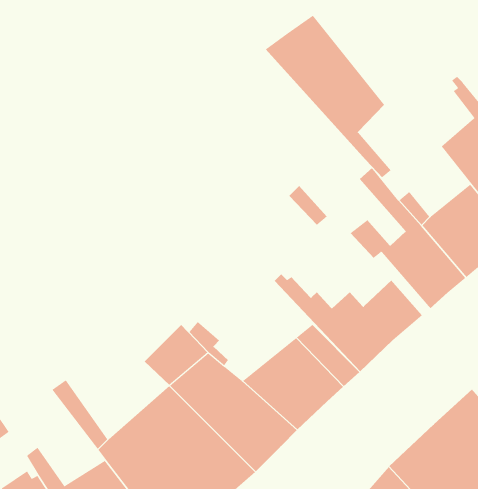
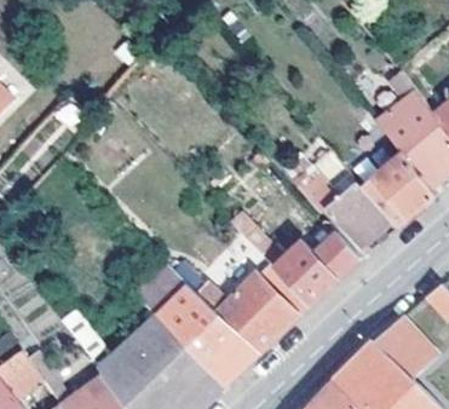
building: [265,15,391,178] -> none

